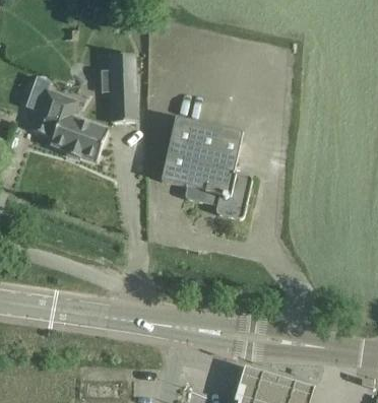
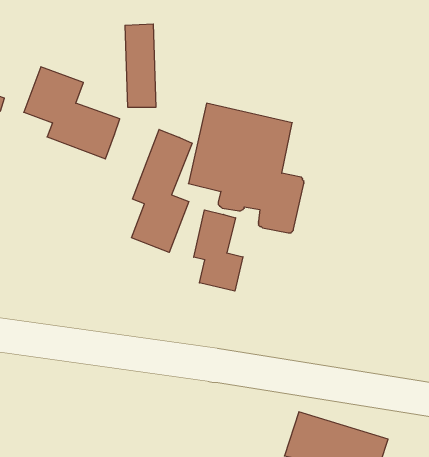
building: none -> [131,129,192,252]
building: none -> [194,210,243,291]

